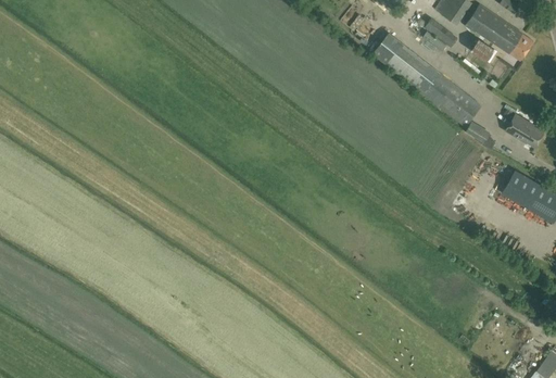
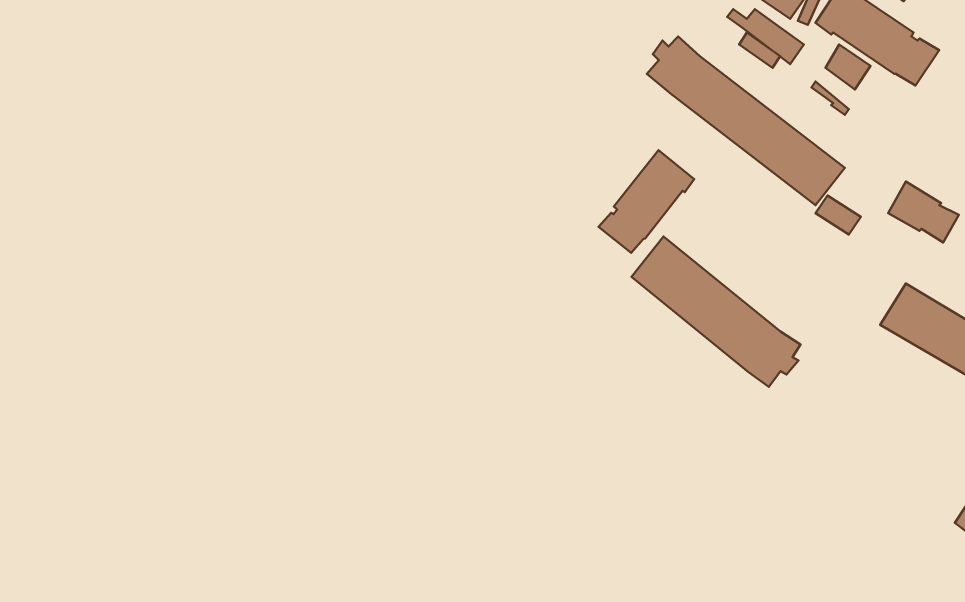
building: none -> [598,150,694,253]
building: none -> [632,236,801,387]

